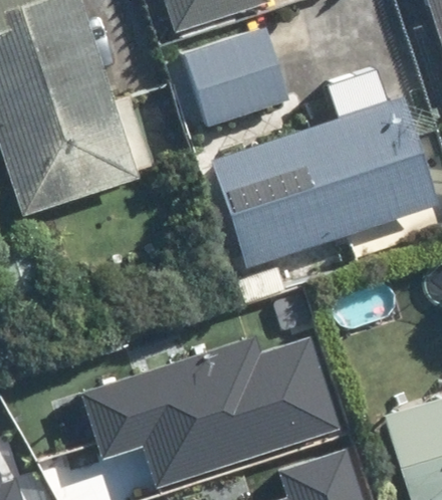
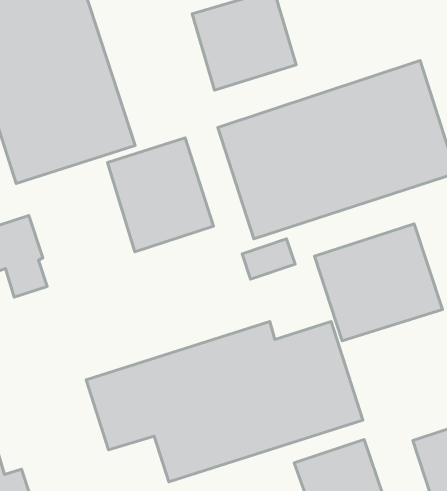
building: none -> [108,138,213,252]
building: none -> [314,224,443,341]

